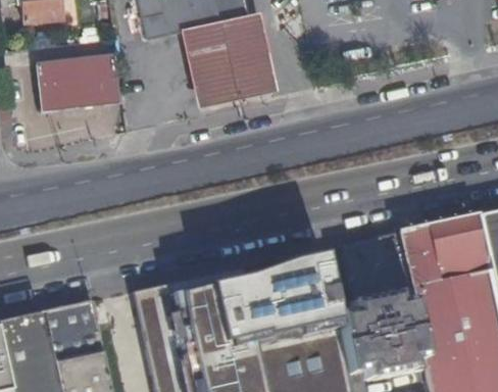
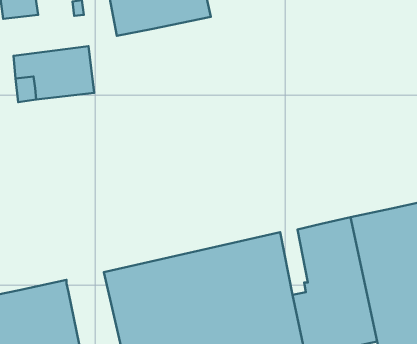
building: [184,19,271,106] -> none

